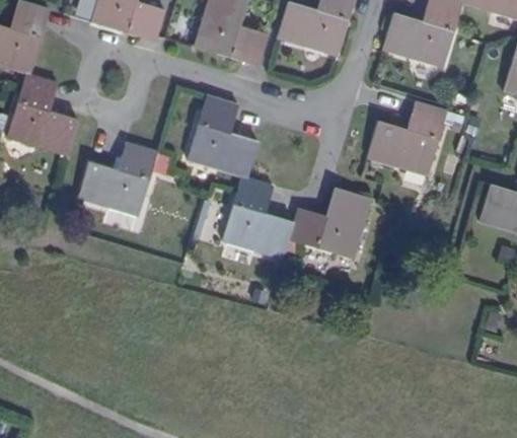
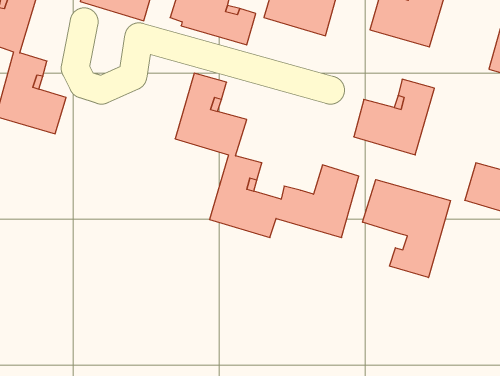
building: [78,140,158,216] -> none
building: none -> [363,180,451,278]

